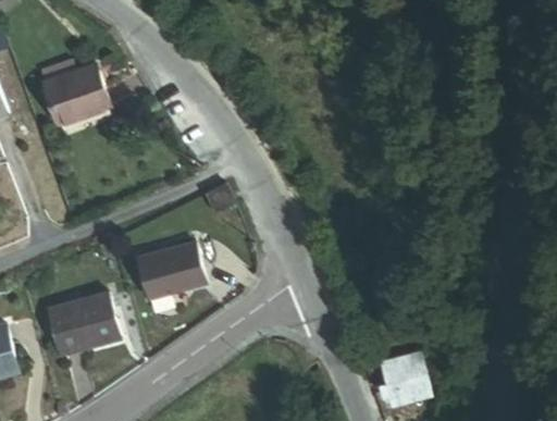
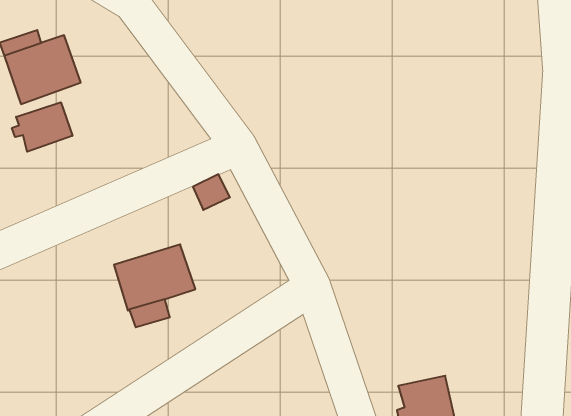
building: none -> [12,102,72,152]
building: [49,295,120,354] -> none

